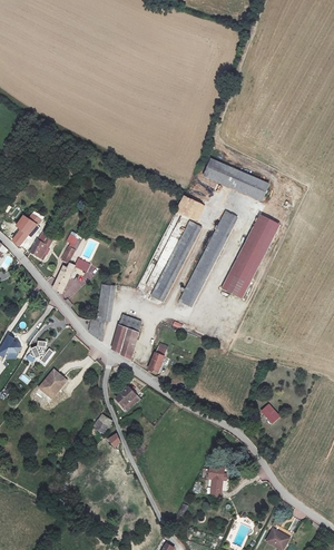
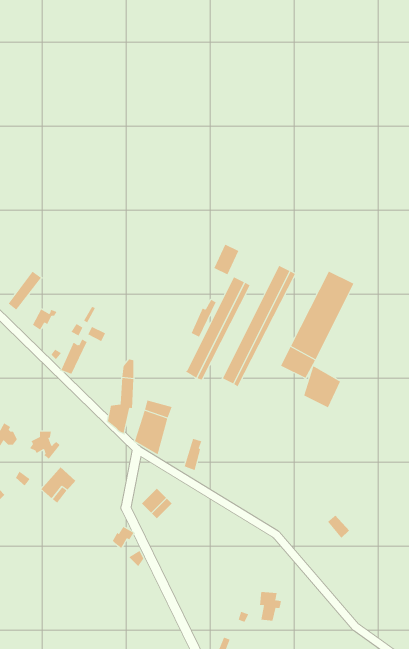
building: [204,159,267,199] -> none
building: none -> [304,365,341,408]

